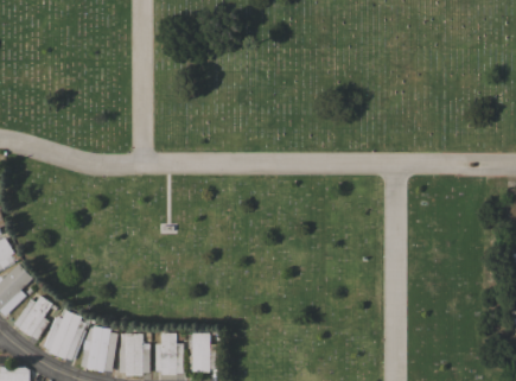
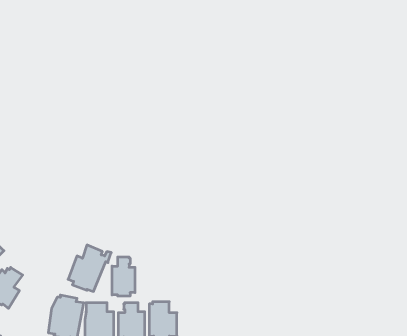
building: none -> [112,257,135,296]
building: [44,310,90,360] -> [68,245,111,291]

